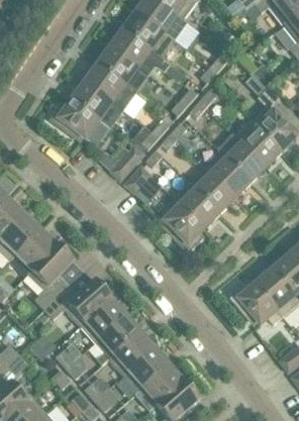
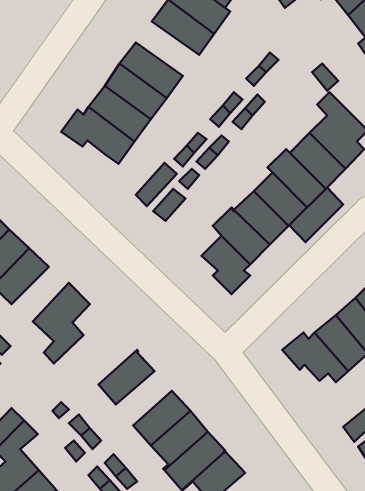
building: [111,29,171,74] -> none
building: none -> [289,188,343,242]
building: [16,229,57,274] -> none
building: [44,280,112,325] -> none
building: [95,314,140,365] -> none

